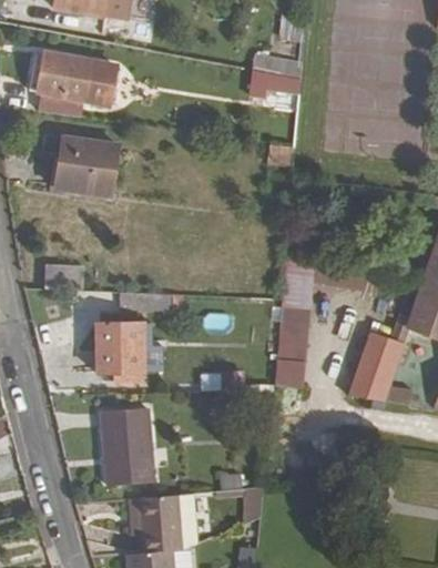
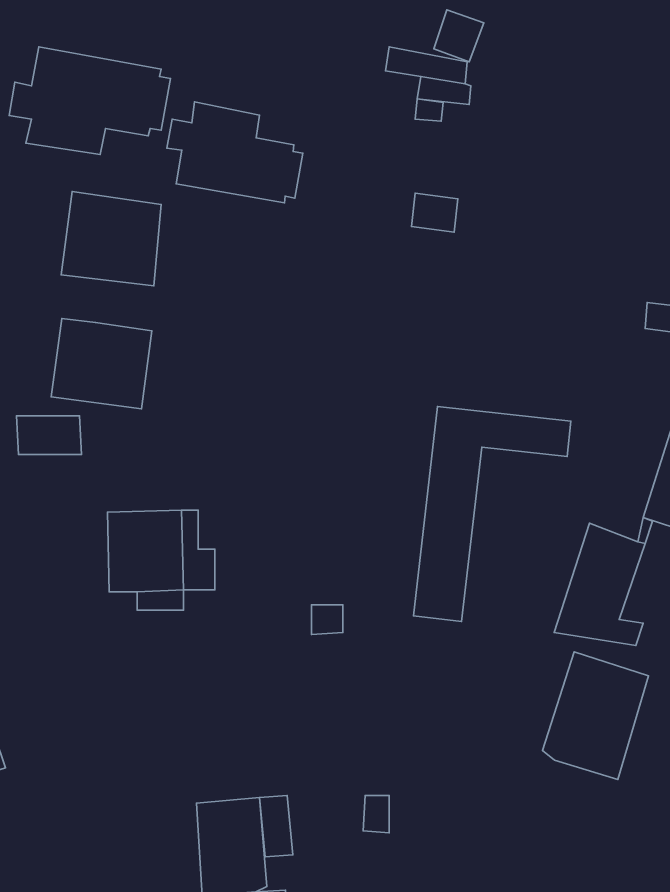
building: none -> [167,102,303,203]
building: none -> [51,319,152,409]
building: none -> [542,652,648,780]
building: [94,410,150,486] -> none

